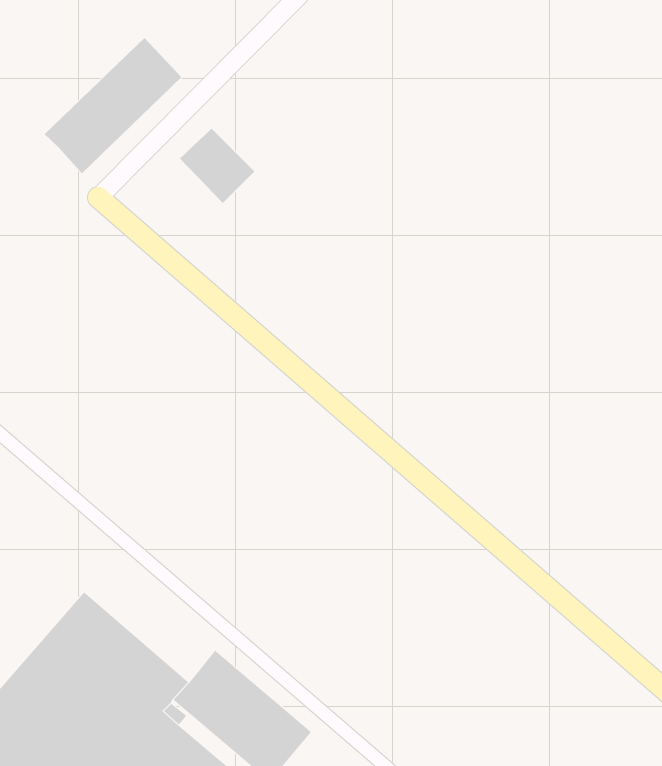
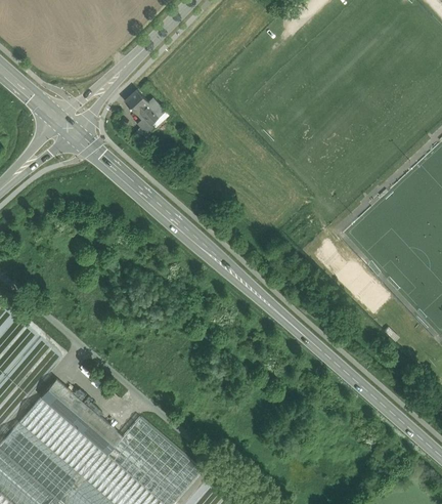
building: [44,37,182,174] -> none

